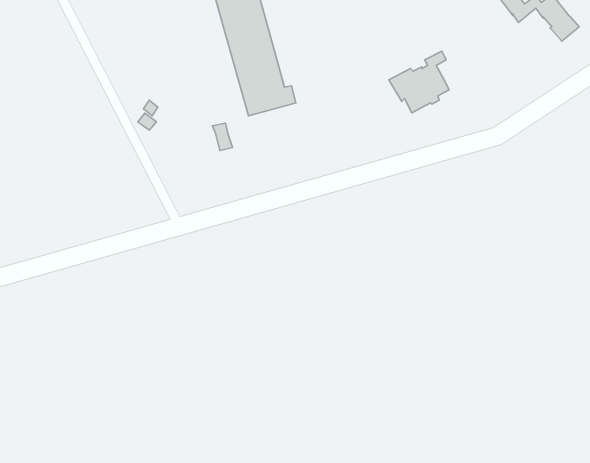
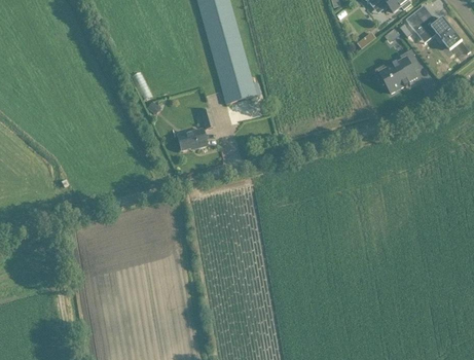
building: [389,51,449,113] -> [374,49,417,94]
building: none -> [177,129,207,150]

